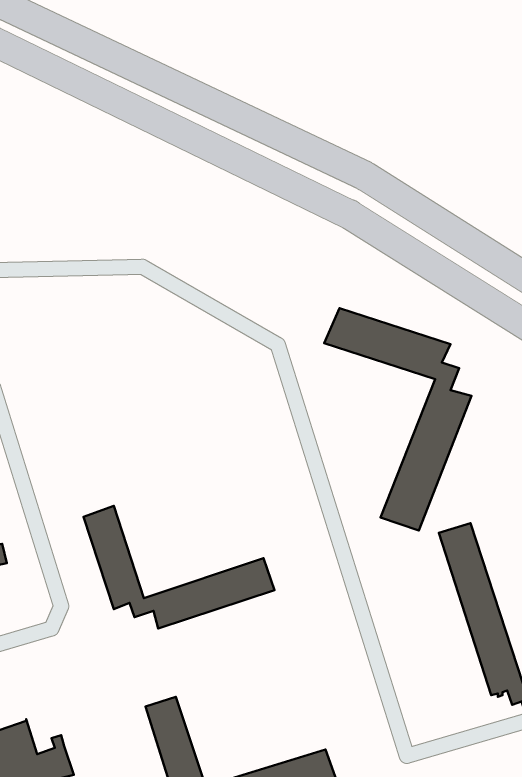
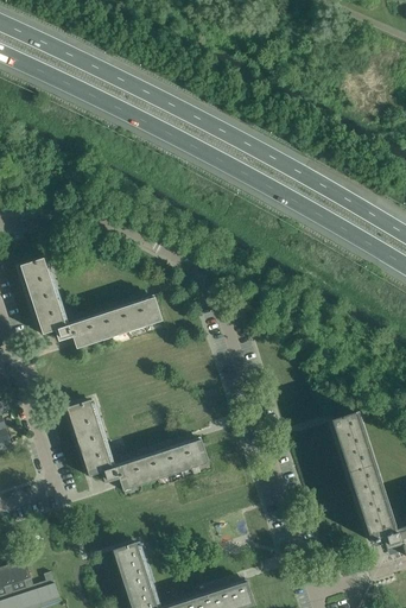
building: [324,308,471,531] -> none
building: none -> [20,258,161,348]

